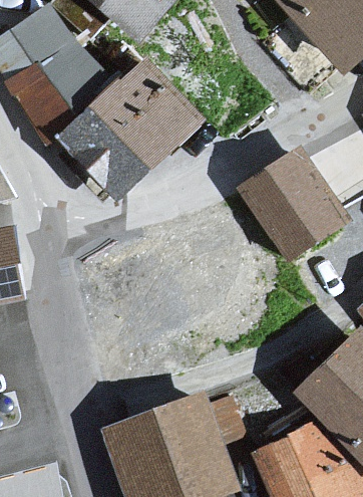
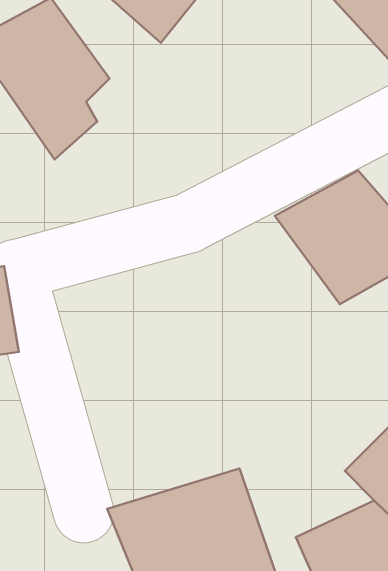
building: [53,58,207,197] -> none

